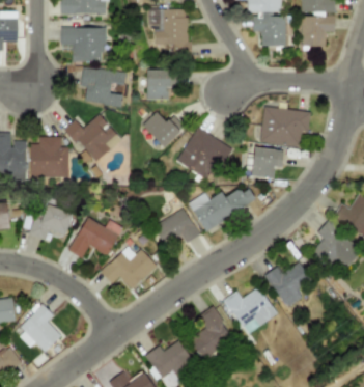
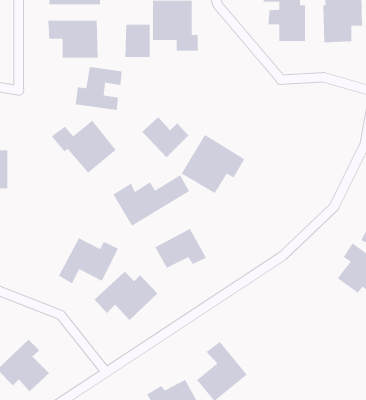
building: [146,70,169,99] -> [124,24,151,57]
building: [260,107,310,145] -> none
building: [30,136,68,177] -> none
building: [252,147,277,178] -> none
building: [189,185,256,230] -> [112,174,190,227]
building: [29,202,73,240] -> none
building: [263,261,311,307] -> none
building: [223,286,277,334] -> none

